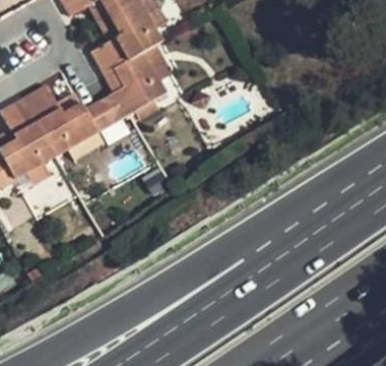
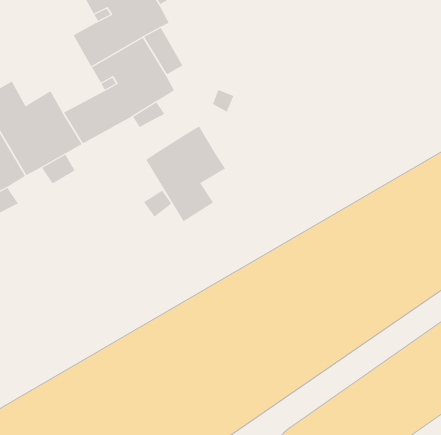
building: none -> [145,125,226,222]

